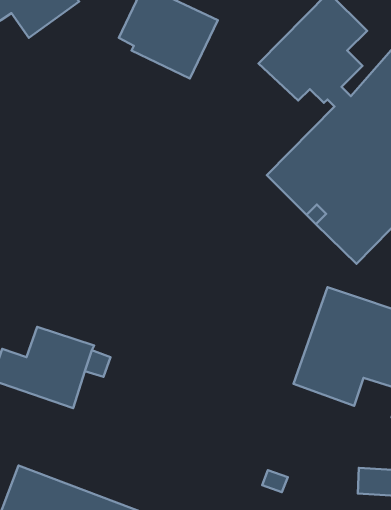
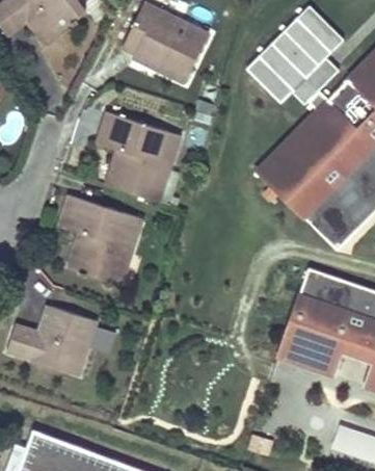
building: none -> [96,111,180,202]
building: none -> [60,195,144,287]

